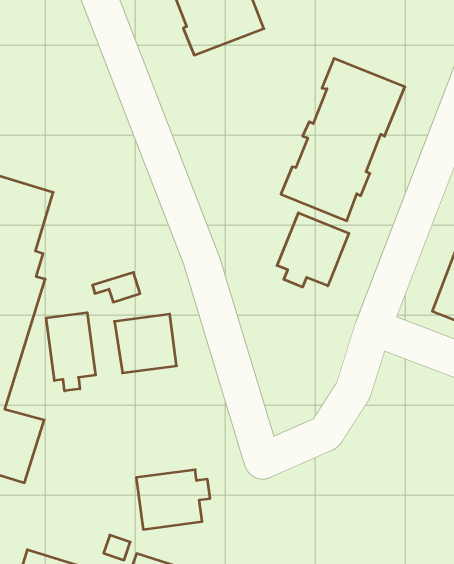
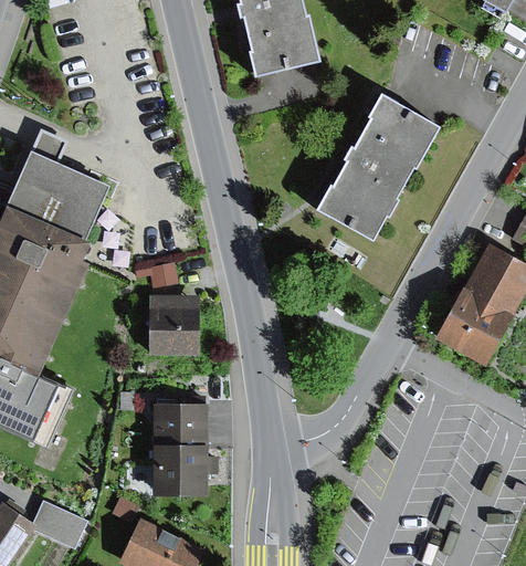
building: [277,213,349,287] -> none
building: [46,313,96,391] -> none
building: none -> [150,407,204,449]

